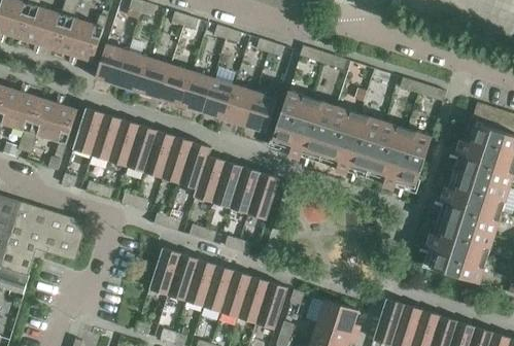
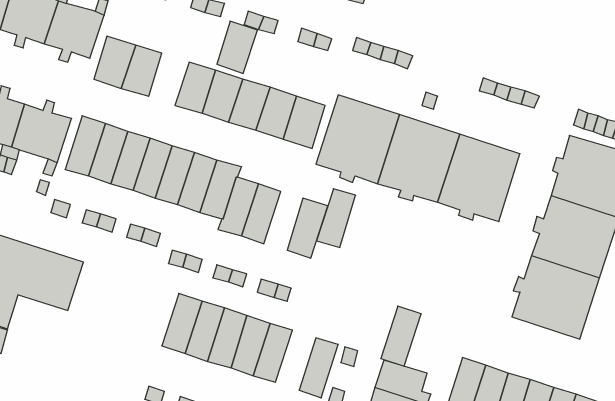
building: [138,58,170,99] -> [217,21,257,73]
building: [229,167,260,213] -> [316,189,356,247]
building: [238,276,270,323] -> [381,306,421,366]

